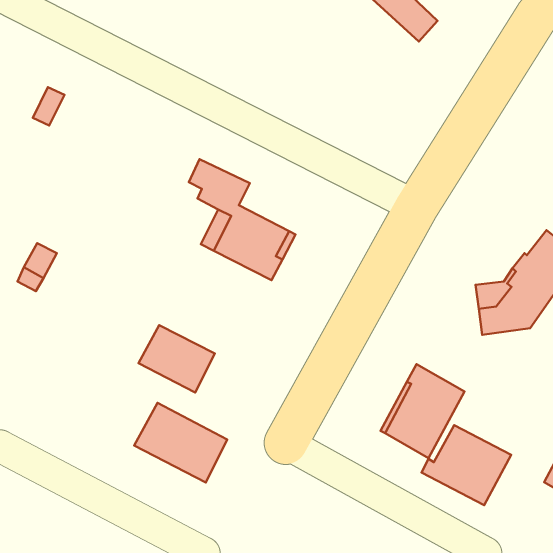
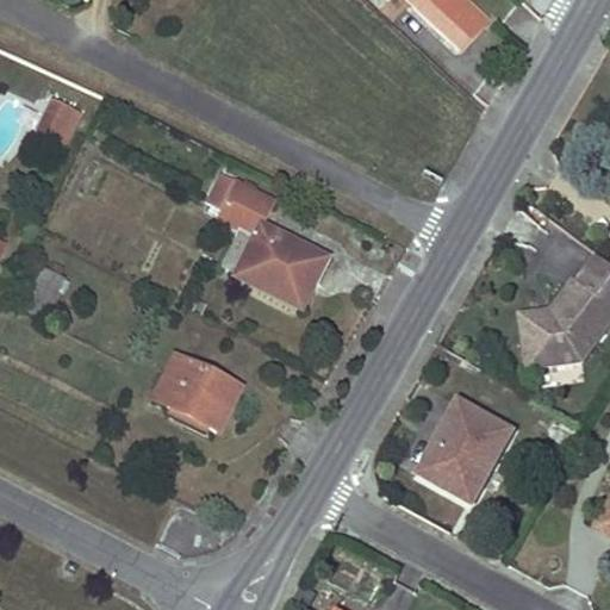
building: [134,403,227,483] -> none
building: [422,425,511,505] -> none

